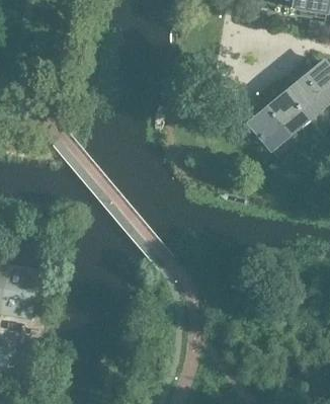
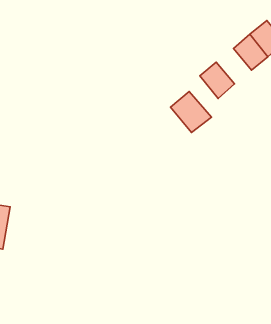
building: [267,93,307,133] -> none
building: none -> [170,91,211,132]

